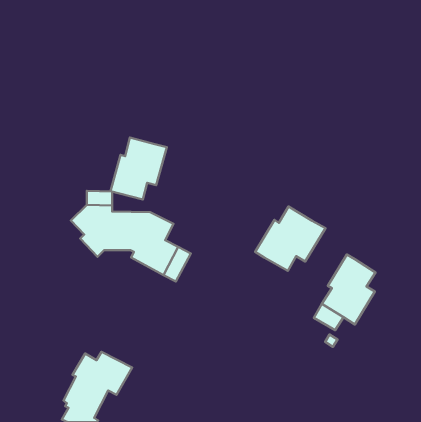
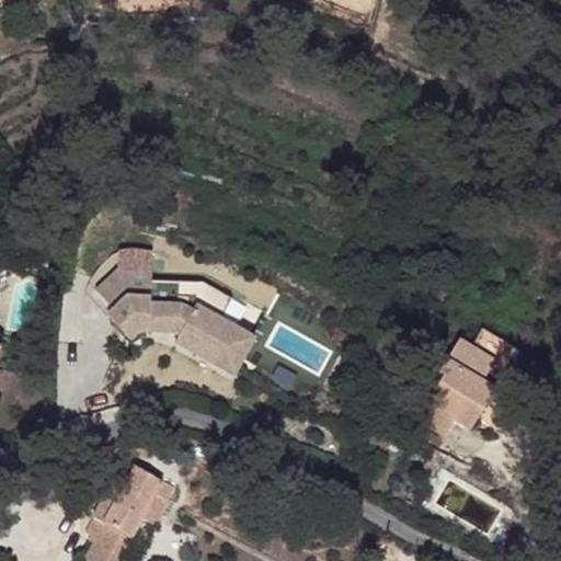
building: [111,138,167,199] -> none
building: [255,206,325,271] -> none

